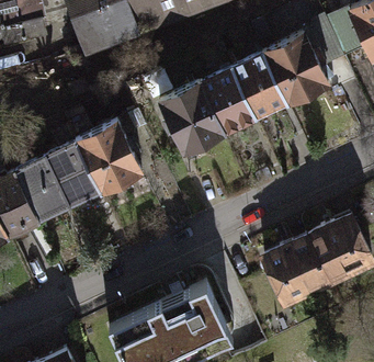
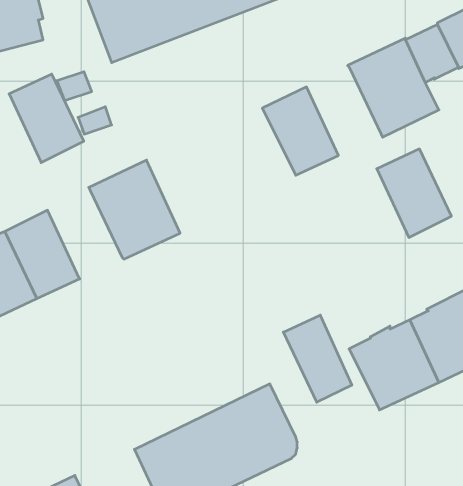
building: [233,54,286,117] -> [377,149,451,237]
building: [159,82,225,152] -> none
building: [46,143,100,206] -> [9,74,84,163]
building: none -> [283,315,352,402]

